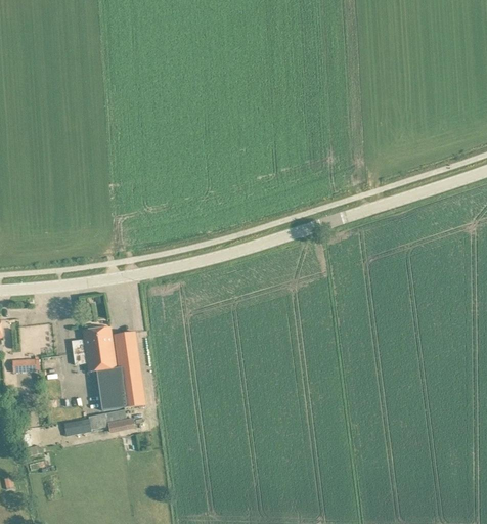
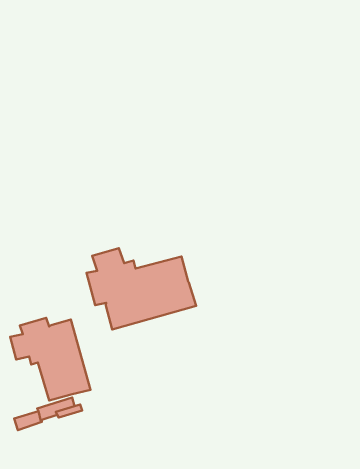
building: none -> [86,248,196,329]

